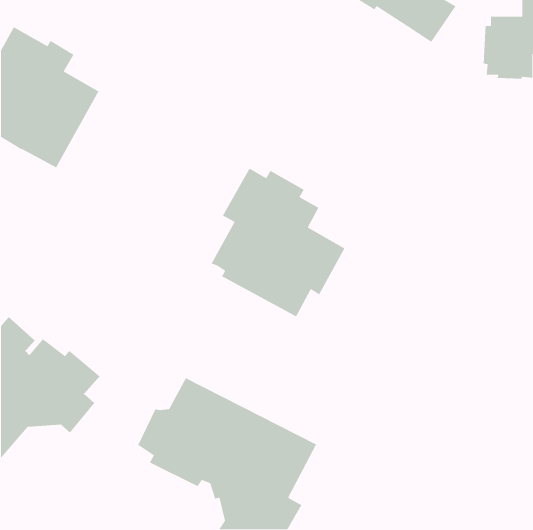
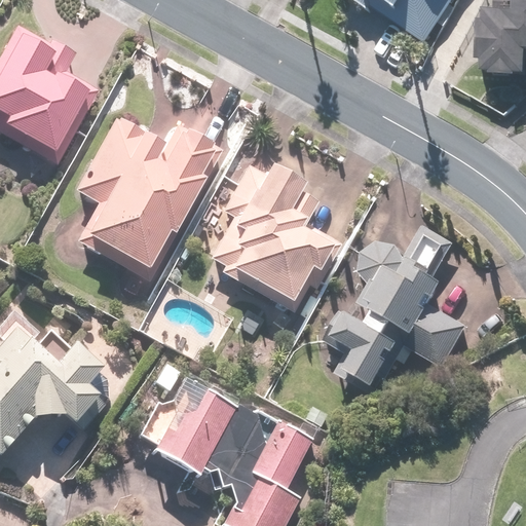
building: none -> [74,117,223,281]
building: none -> [325,224,468,397]

